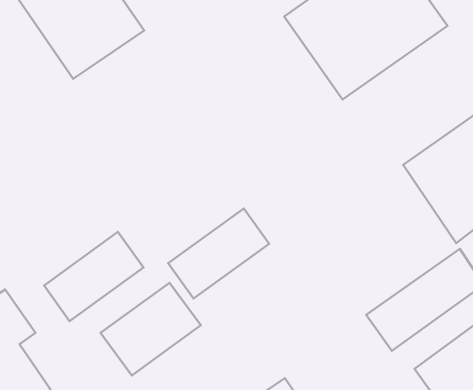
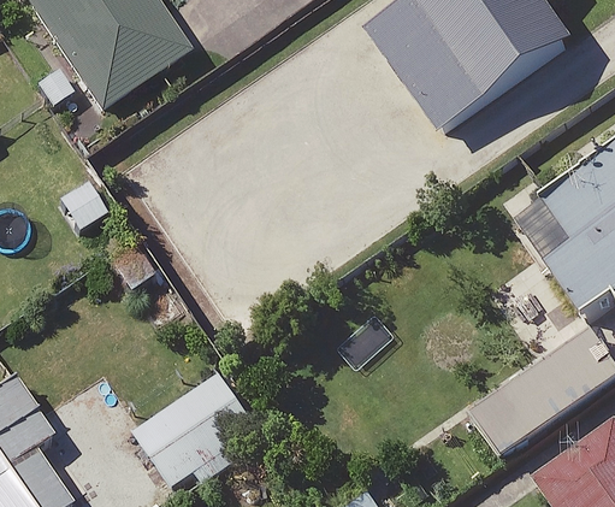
building: [168,208,269,299] -> none
building: [44,232,143,321] -> none

